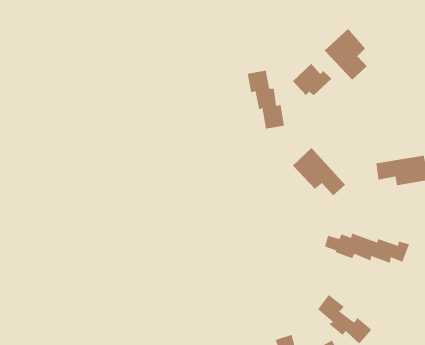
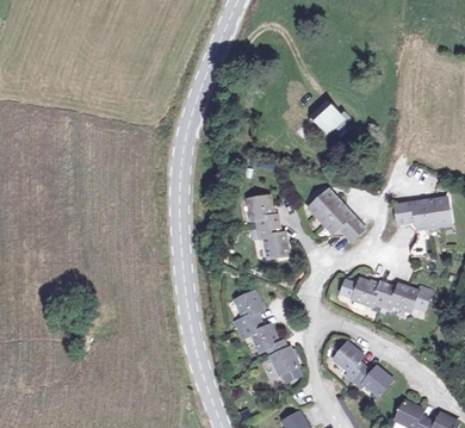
building: [324,28,367,81] -> none
building: [247,70,285,129] -> [248,196,287,258]
building: none -> [235,291,299,382]

